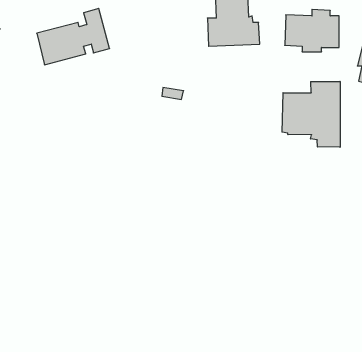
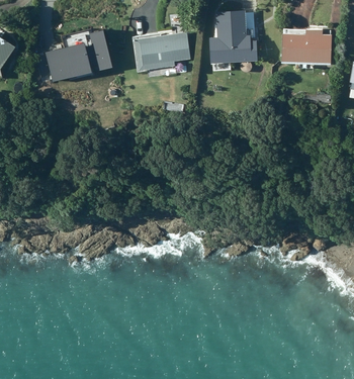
building: none -> [134,31,190,71]
building: [282,81,340,147] -> none

